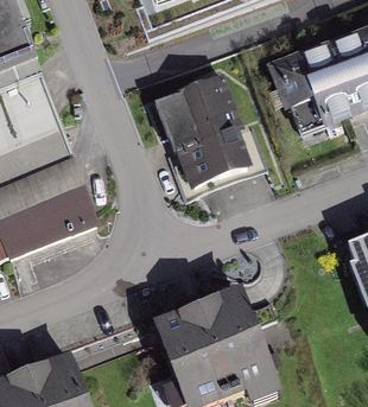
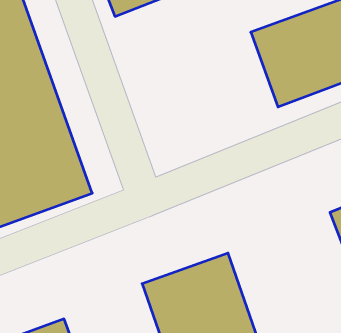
building: [152,74,246,185] -> none

